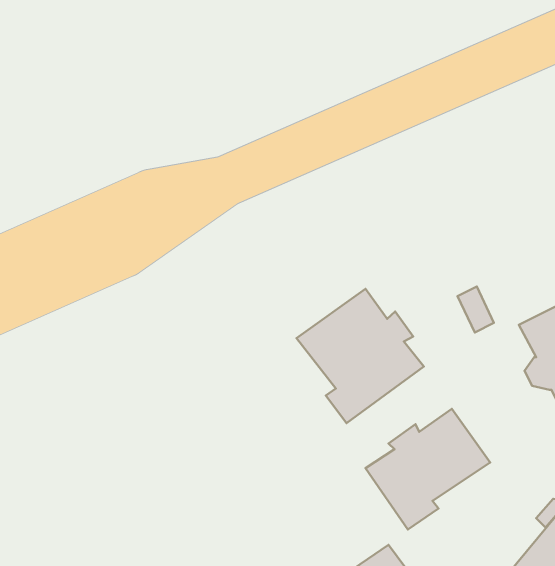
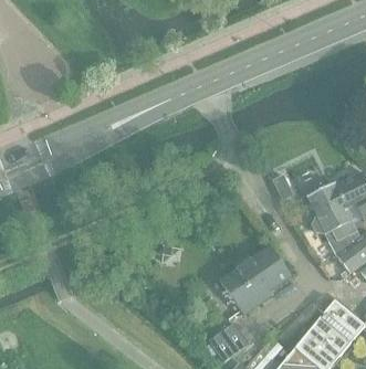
building: [296,289,424,423] -> none

